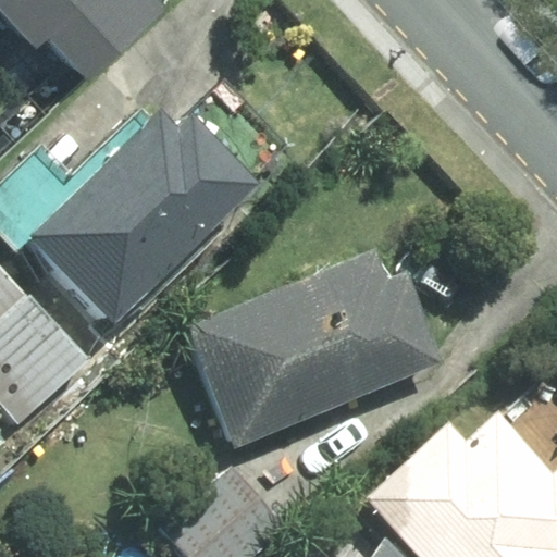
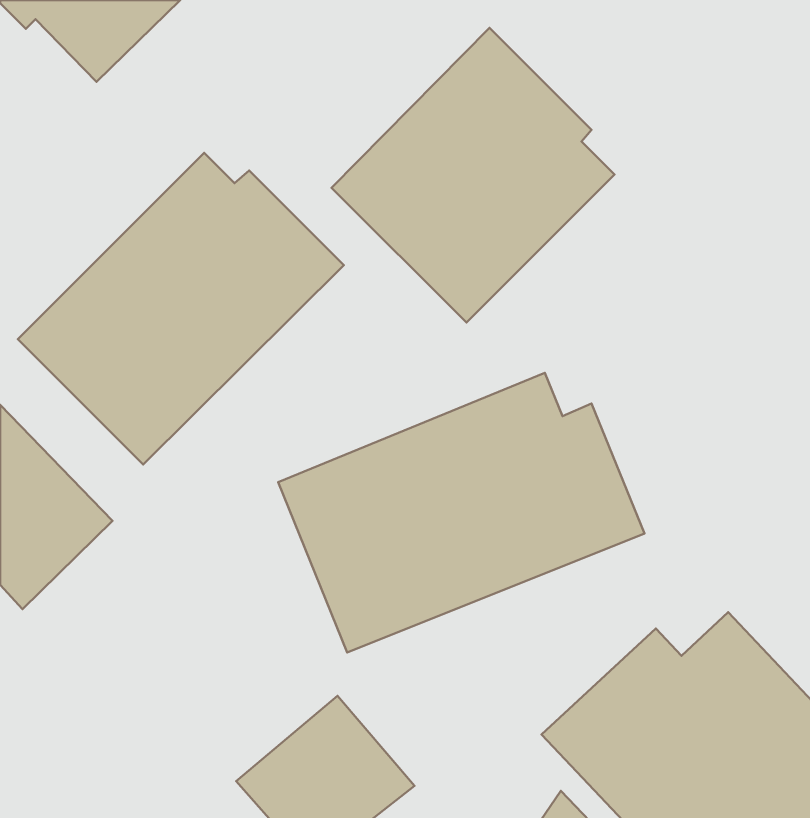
building: none -> [331,28,614,323]

